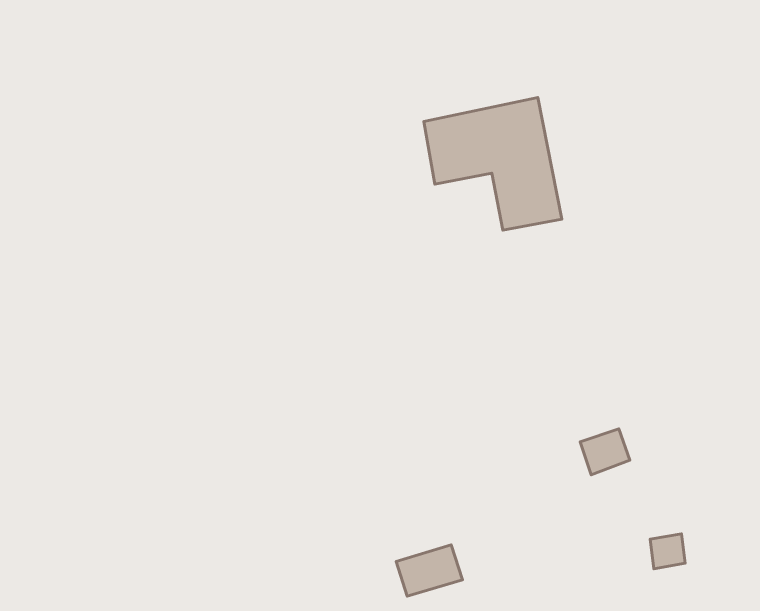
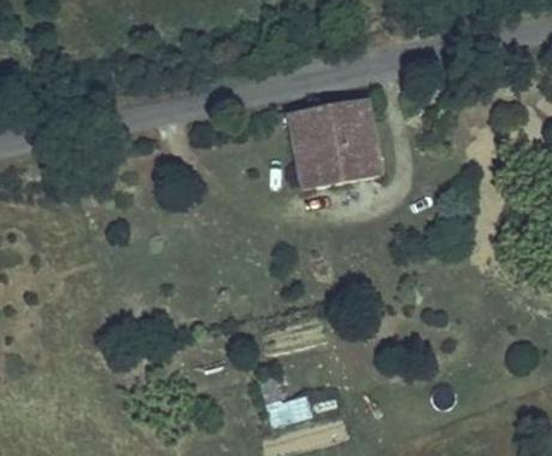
building: none -> [296,146,341,191]

